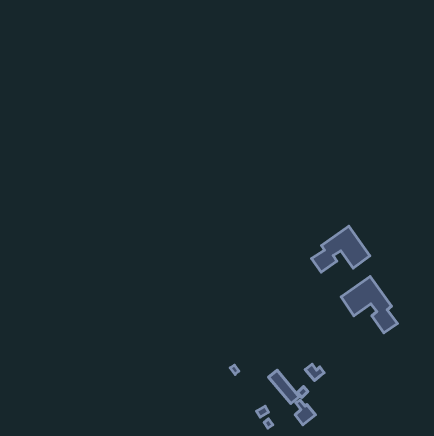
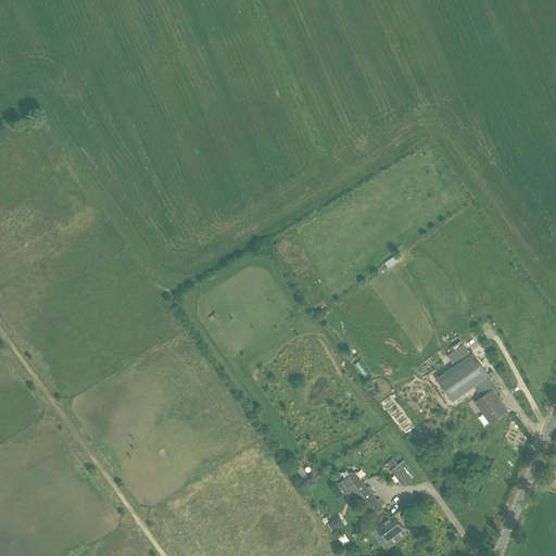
building: [311,226,370,272] -> none

